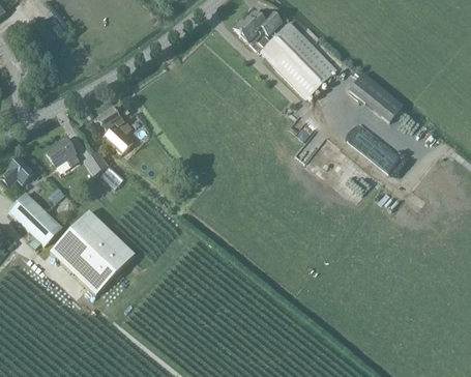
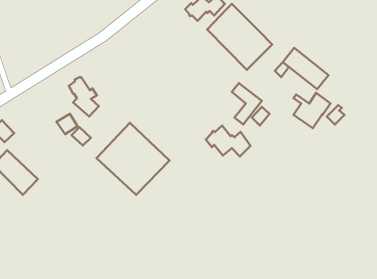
building: [45,137,78,166] -> none
building: none -> [206,126,251,157]
building: [48,209,134,294] -> [96,123,170,195]

